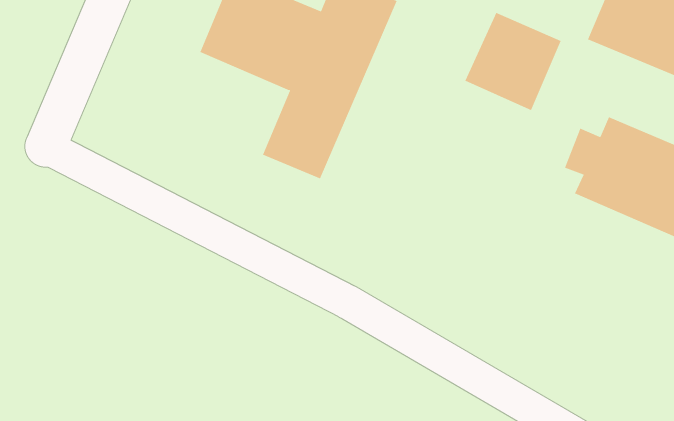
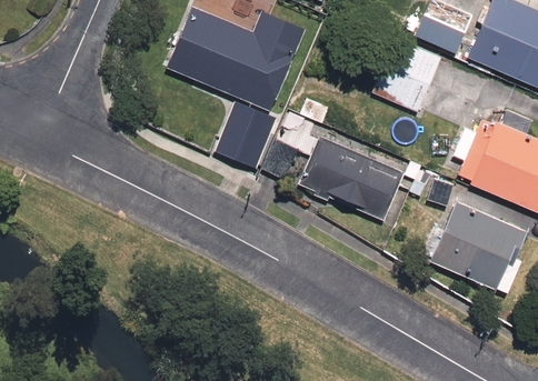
building: none -> [298,136,409,217]
building: none -> [417,197,527,304]

